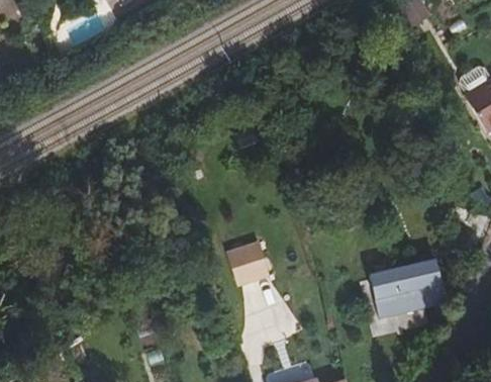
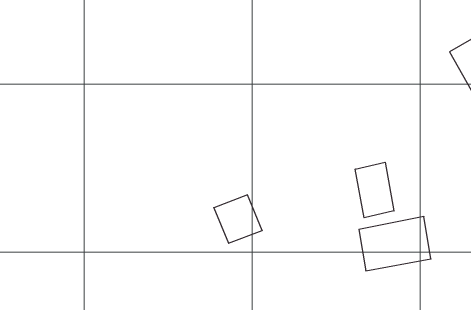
building: none -> [355,162,394,218]

